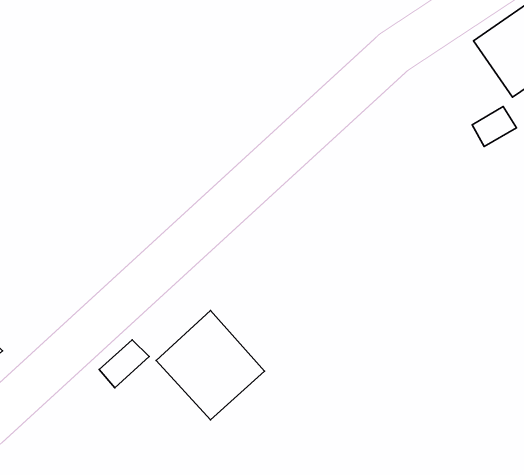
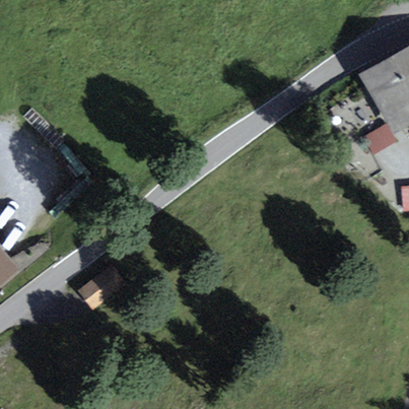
building: [156,310,264,420] -> none

